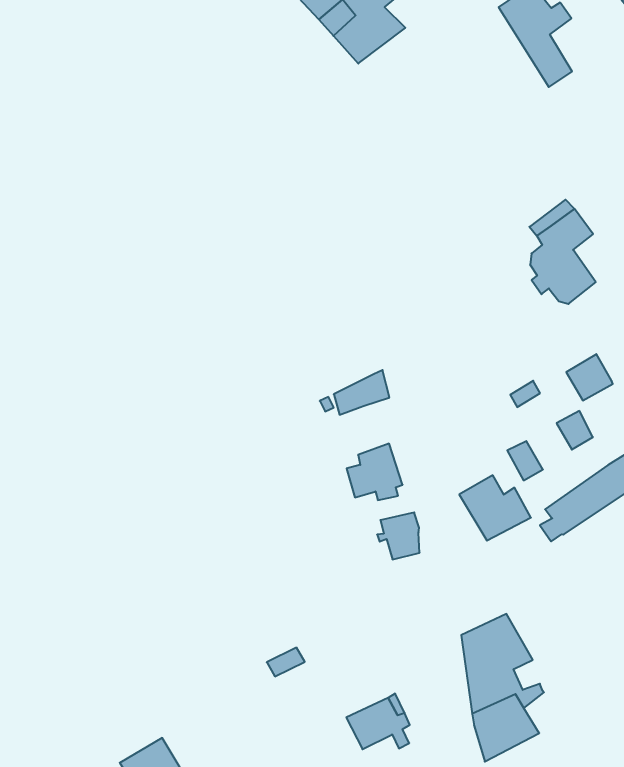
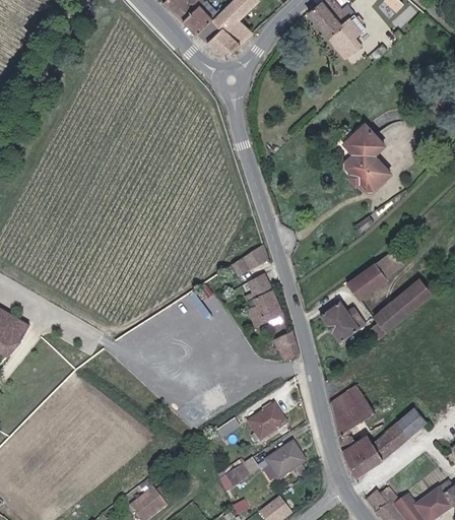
building: [566,354,613,400] -> [356,265,386,295]
building: none -> [245,274,272,302]
building: none -> [250,403,288,442]
building: none -> [374,407,427,457]
building: none -> [220,458,258,490]

